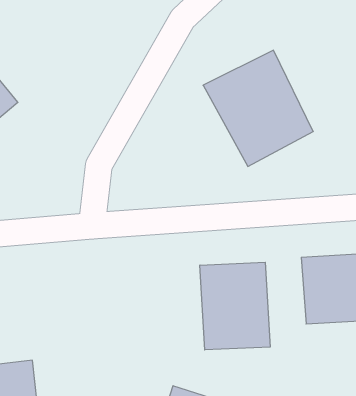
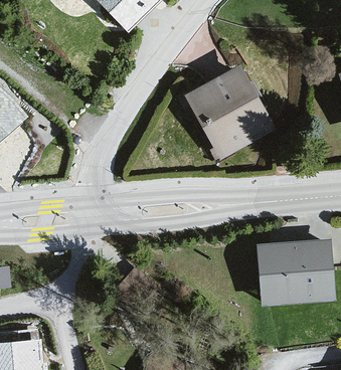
building: [200,262,270,350] -> none

